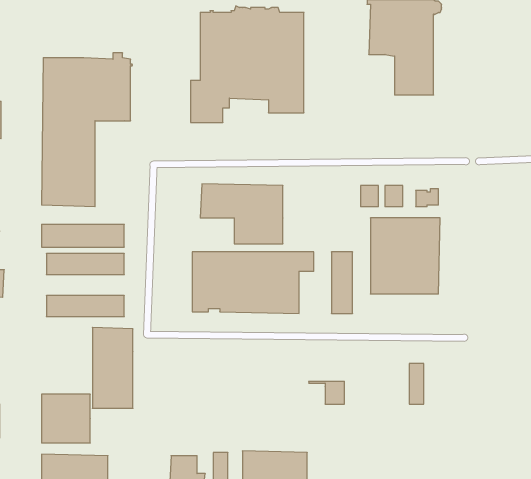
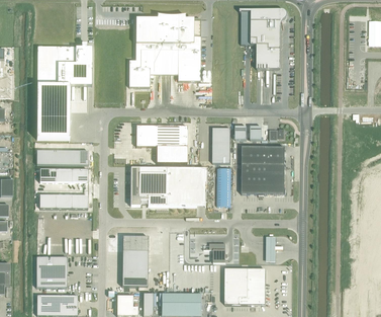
building: none -> [212,127,230,162]
building: [92,327,133,408] -> [122,235,148,286]
building: none -> [224,268,266,304]

